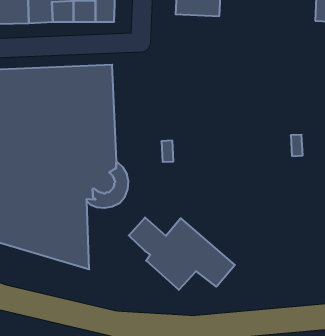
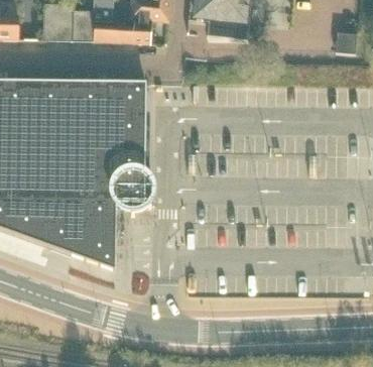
building: [129,217,235,290] -> none

